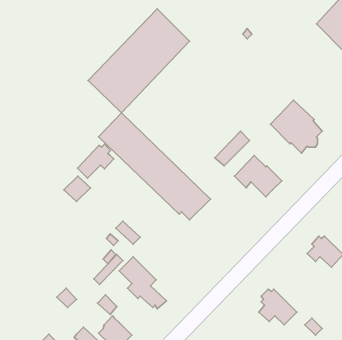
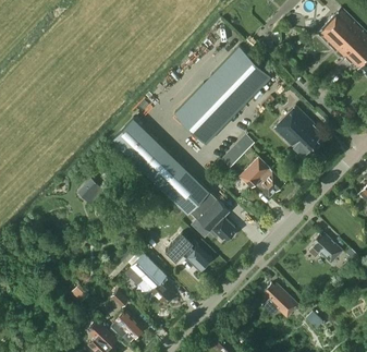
building: [88,9,190,113] -> [174,46,270,144]
building: [77,144,114,178] -> none
building: none -> [197,199,235,240]
building: none -> [169,234,210,270]

